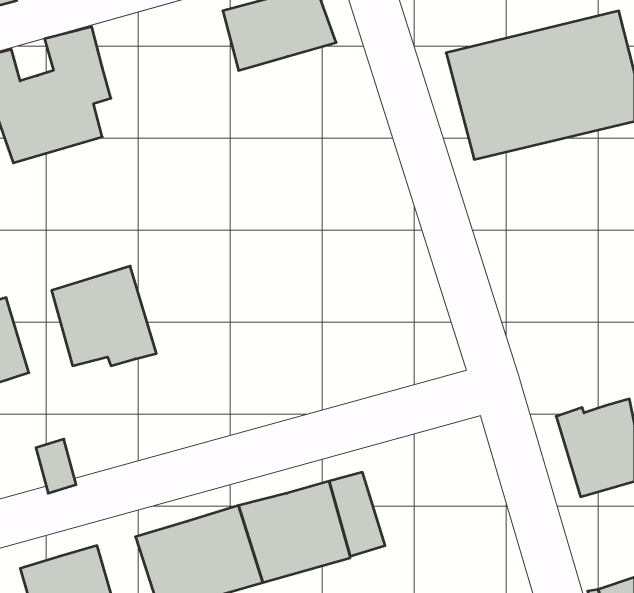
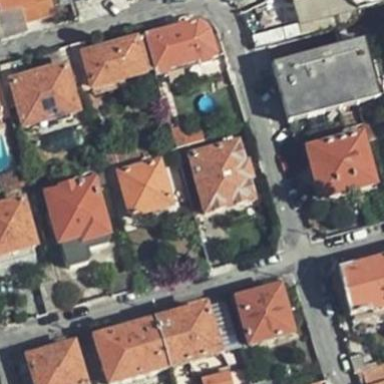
building: none -> [71,34,155,83]
building: none -> [308,131,375,194]
building: none -> [190,139,255,211]
building: none -> [119,161,170,213]
building: none -> [238,284,294,339]

